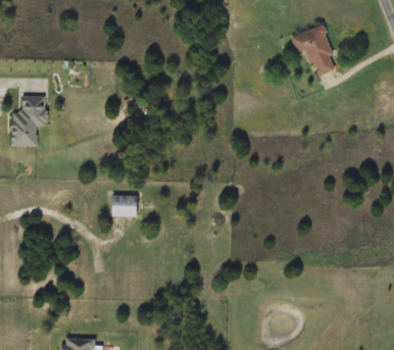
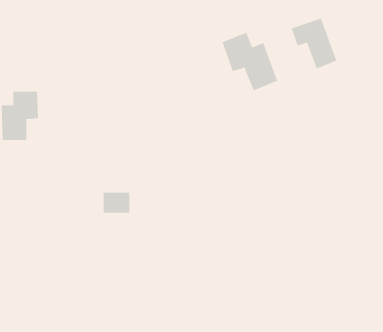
building: none -> [222,32,278,91]

